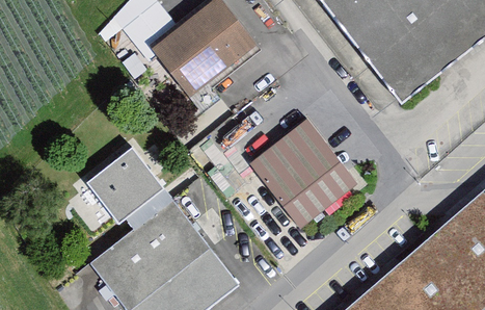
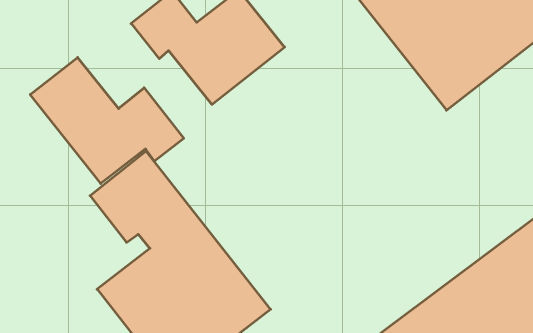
building: none -> [30,57,184,184]
building: [251,118,362,229] -> none

